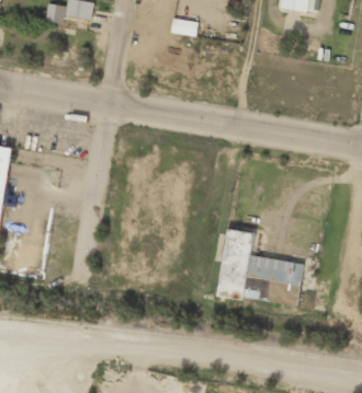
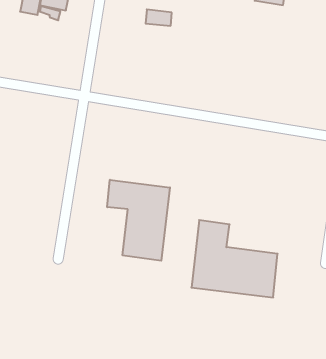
building: none -> [107,180,170,261]

